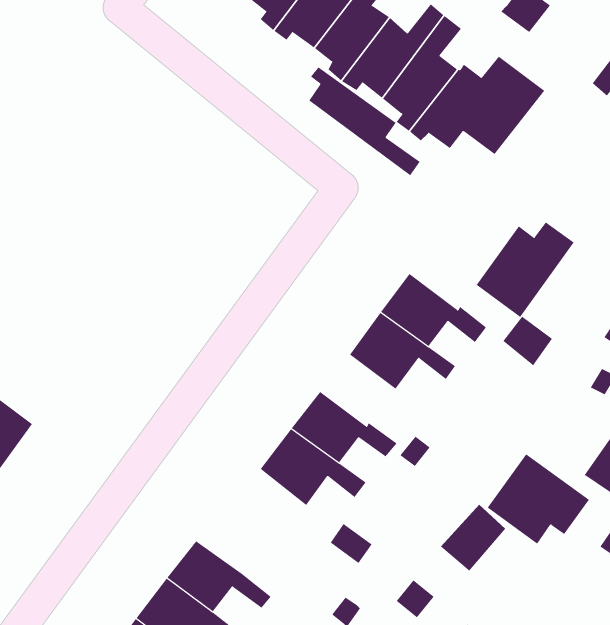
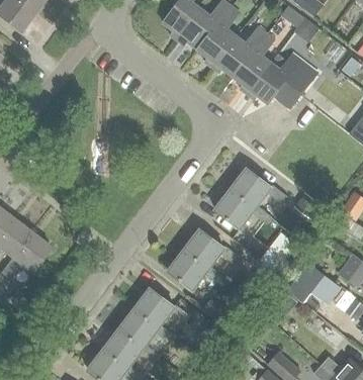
building: [309,66,420,176] -> none
building: [476,221,575,318] -> none
building: none -> [135,287,190,323]

